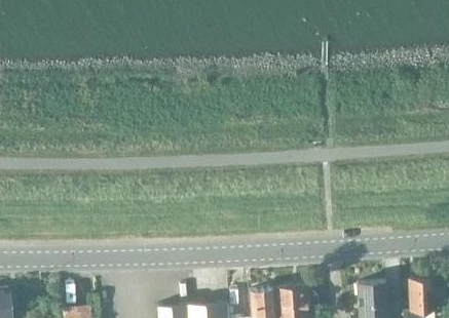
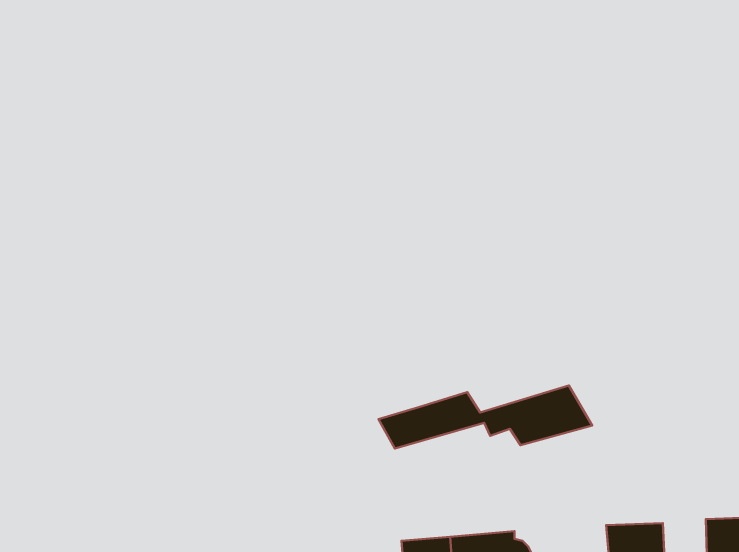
building: none -> [378,386,592,448]

